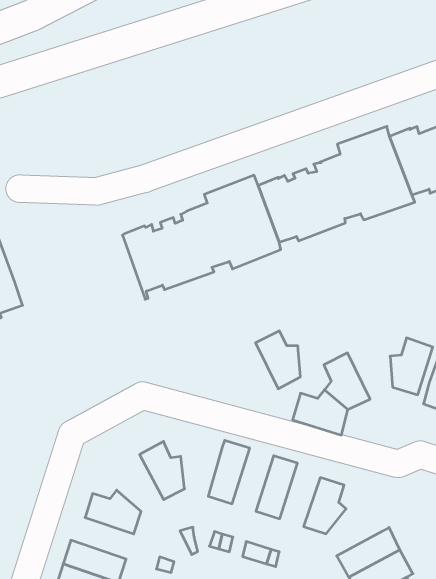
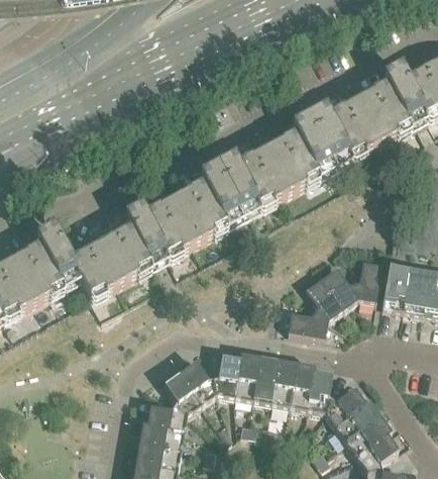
building: none -> [71,205,168,294]
building: [256,331,300,389] -> [321,265,357,307]
building: none -> [210,355,239,395]
building: none -> [252,356,278,401]
building: none -> [163,372,202,413]
building: none -> [289,362,315,407]
building: none -> [324,387,365,425]
building: none -> [138,422,184,450]

